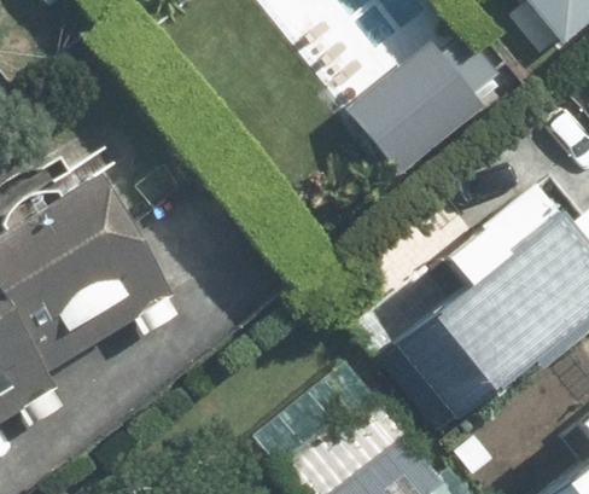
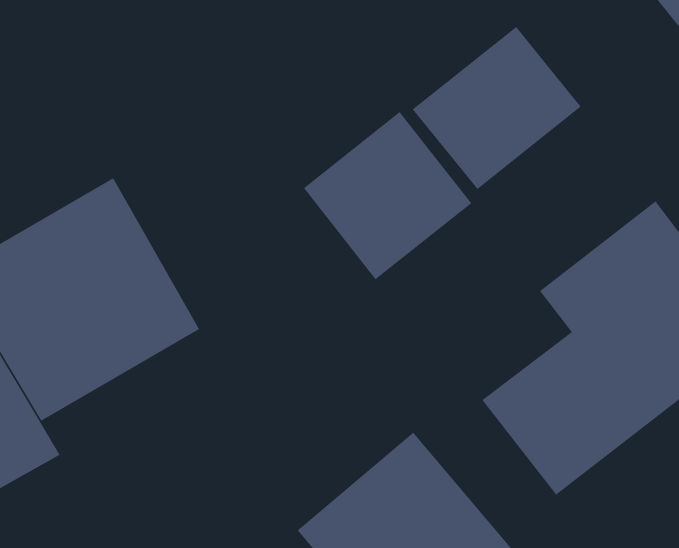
building: none -> [303,111,472,280]

